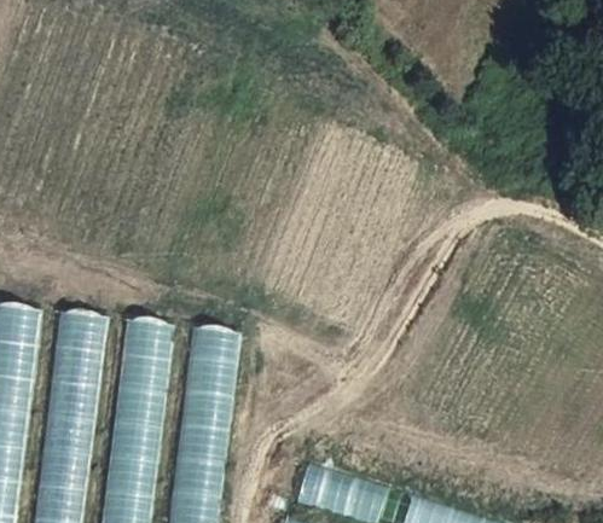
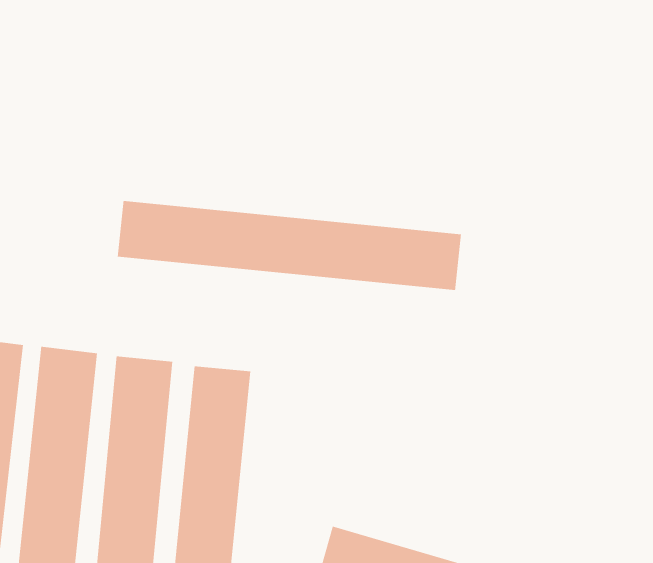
building: none -> [117,200,461,291]

